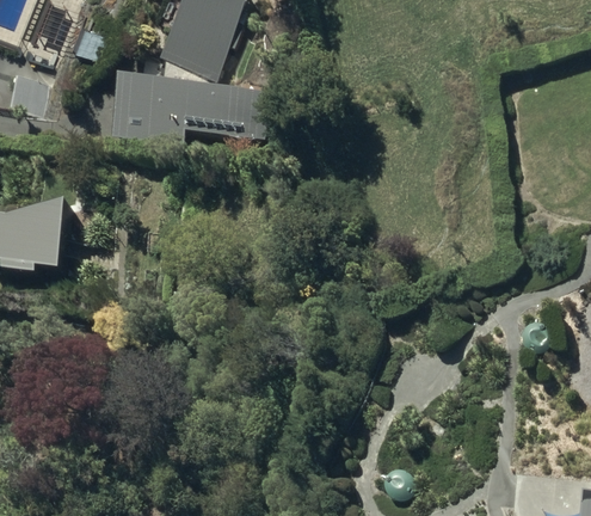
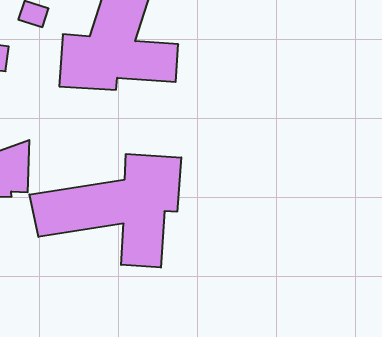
building: none -> [29,154,181,268]

